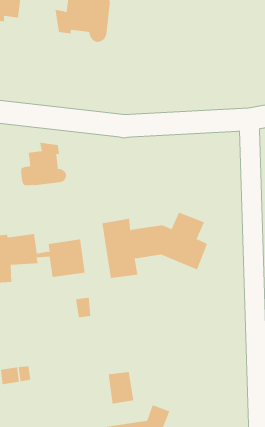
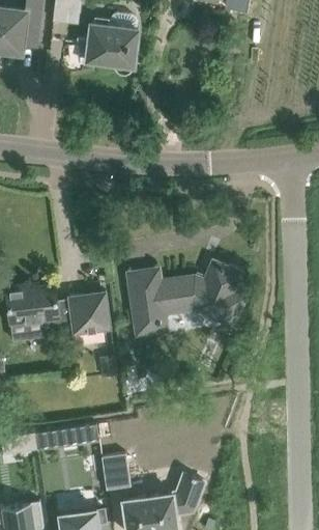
building: [20,142,67,186] -> none
building: [108,371,134,404] -> [102,453,130,490]

